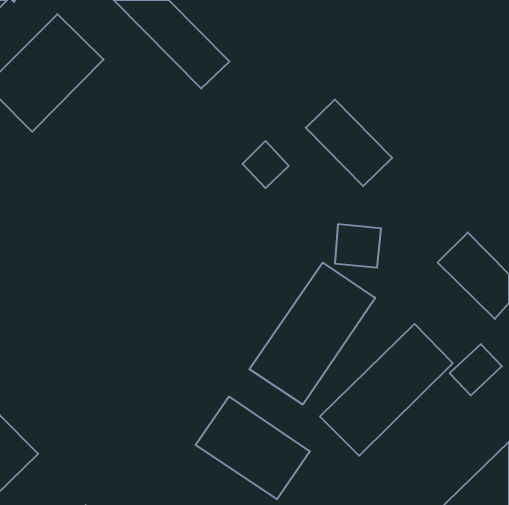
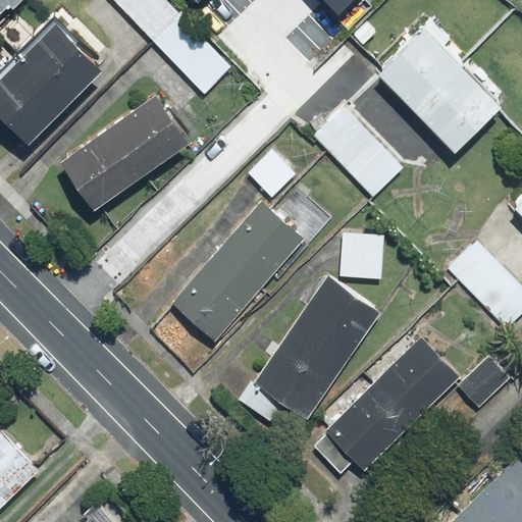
building: none -> [375,22,505,149]
building: none -> [62,94,192,209]
building: none -> [165,202,303,349]
building: [195,397,310,499] -> none

